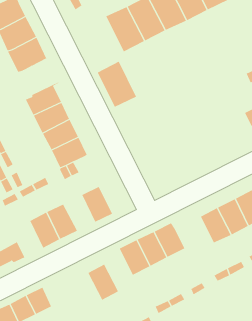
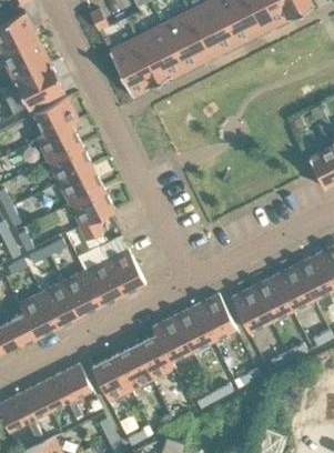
building: [97,61,137,107] -> [109,38,159,95]
building: none -> [32,95,79,135]
building: none -> [84,260,123,304]
building: none -> [232,286,271,331]
building: none -> [20,292,59,338]
building: none -> [135,326,170,380]
building: none -> [92,356,132,402]
building: none -> [59,364,91,399]

